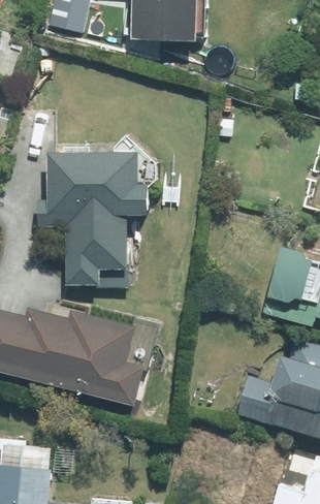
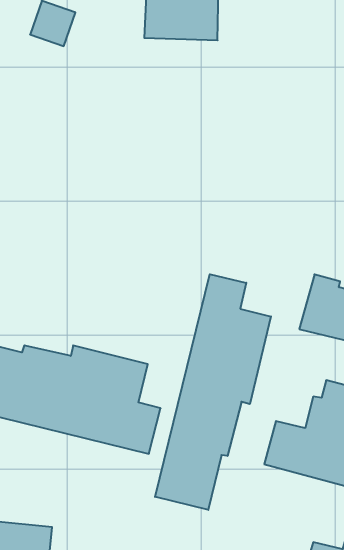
building: [38,152,152,287] -> none
building: none -> [155,274,271,510]

